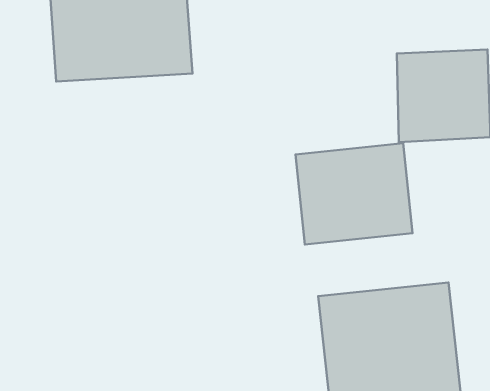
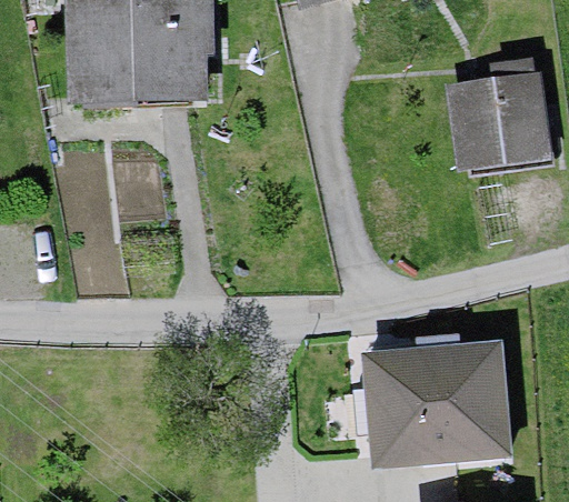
building: [295,143,412,245] -> none

